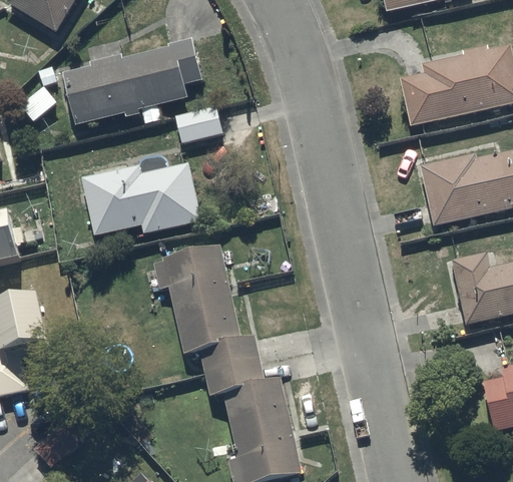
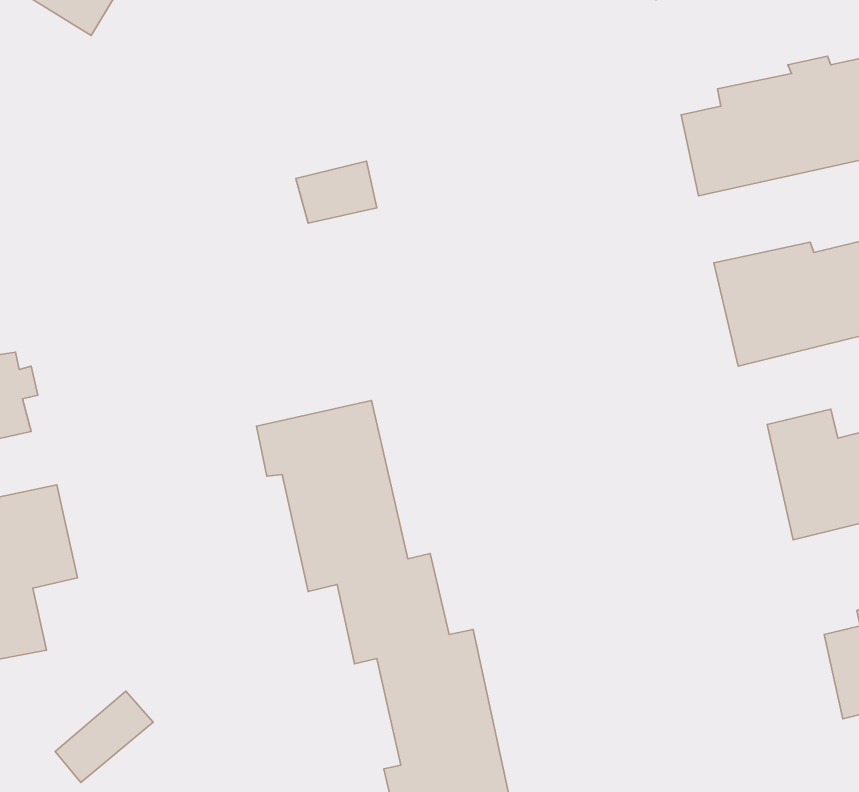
building: [64,37,203,123] -> none
building: [83,161,203,233] -> none

